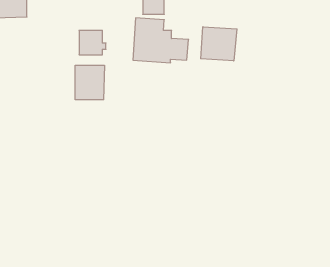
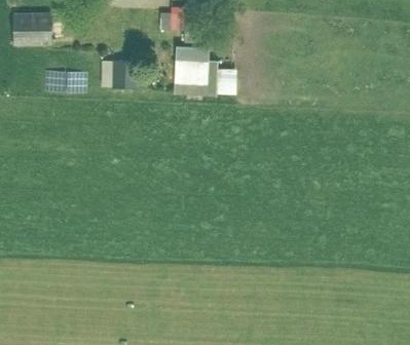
building: [201,27,237,61] -> none
building: [75,65,104,100] -> none

